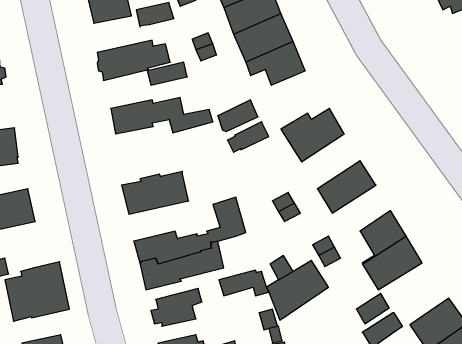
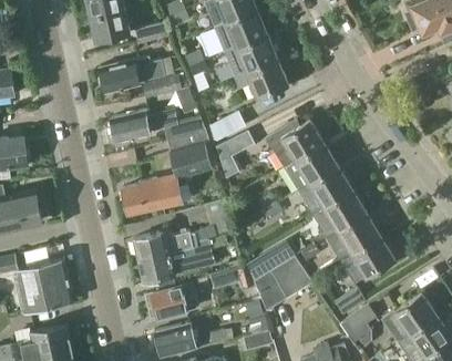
building: none -> [167,131,216,178]
building: none -> [285,142,338,192]
building: none -> [312,188,366,237]

